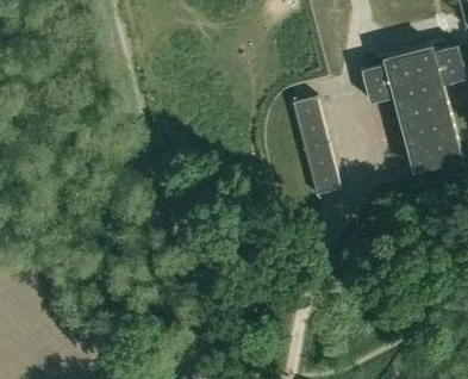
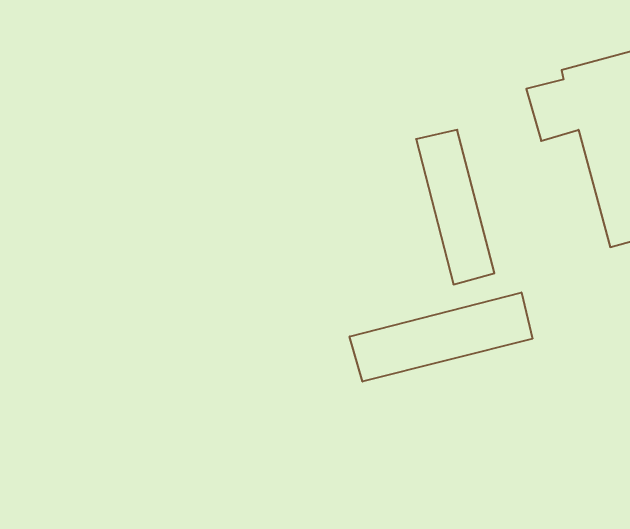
building: none -> [350,292,532,382]

